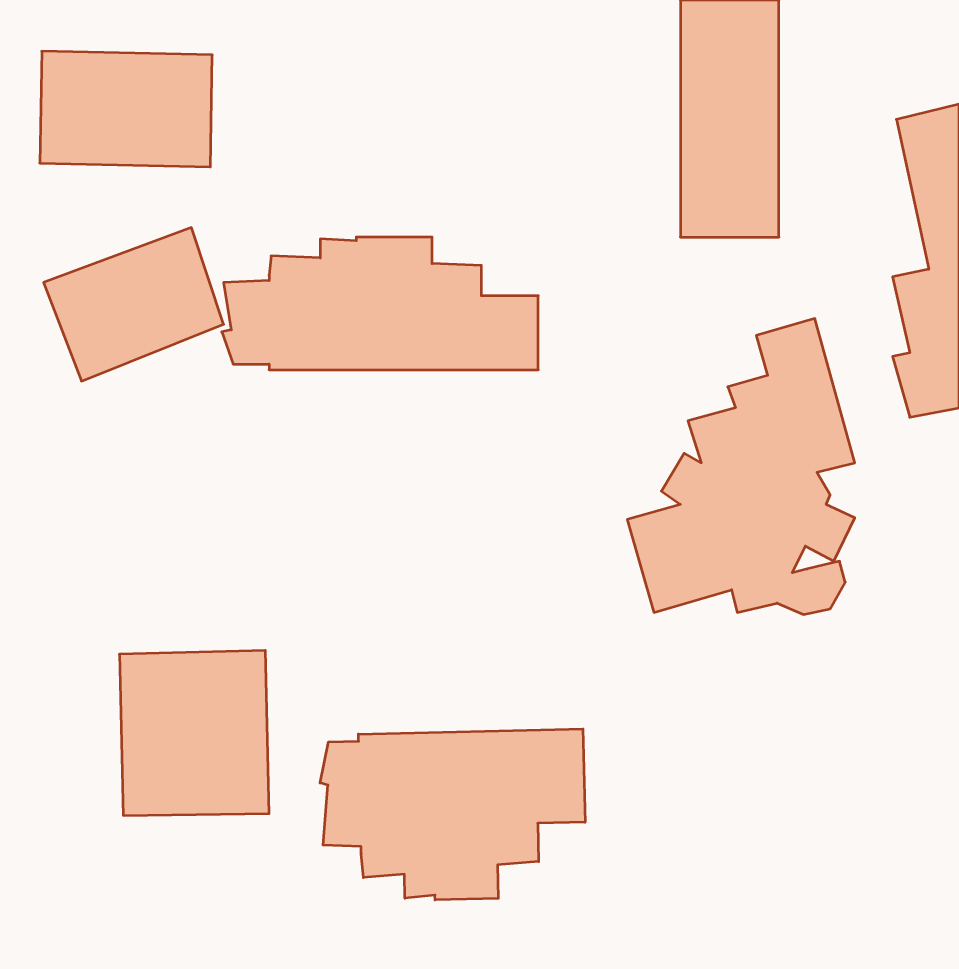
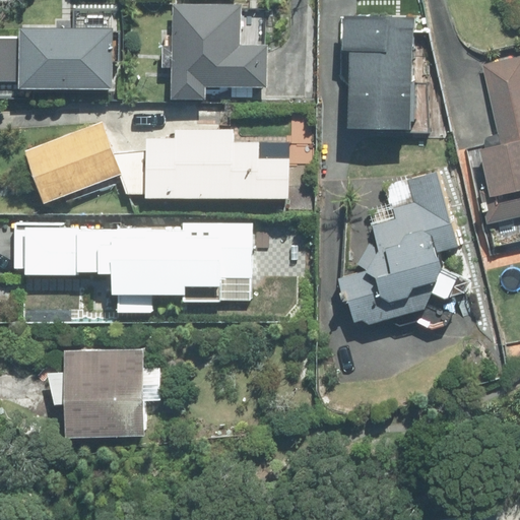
building: none -> [171,5,267,99]
building: none -> [13,222,251,313]
building: [320,729,585,900] -> none

